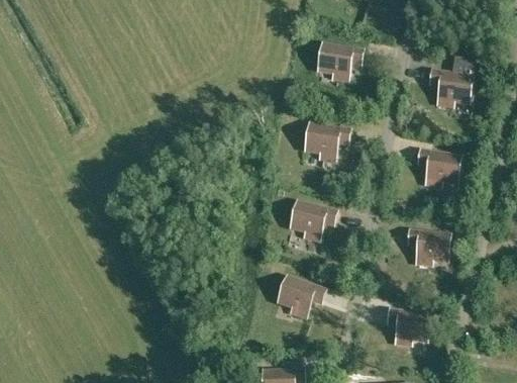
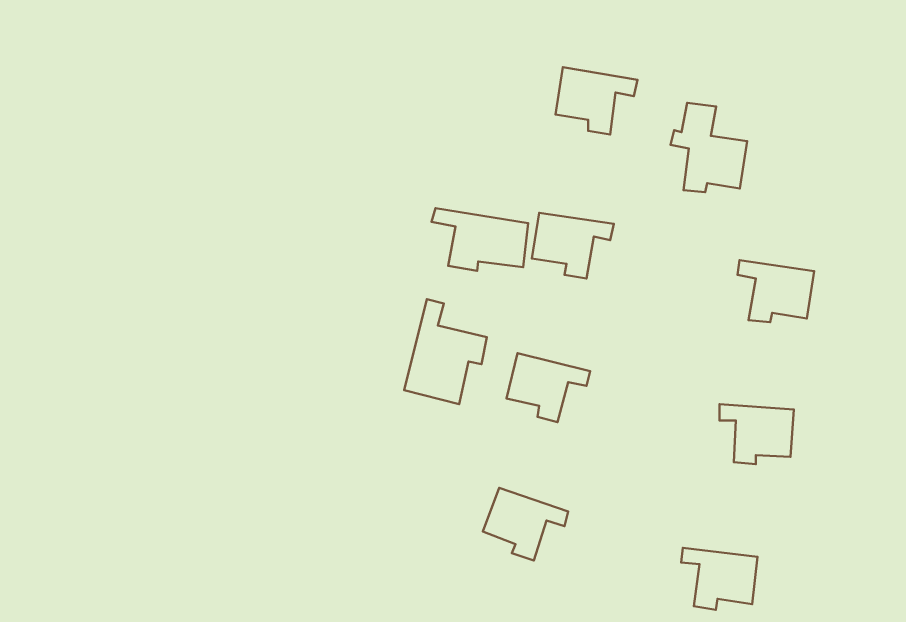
building: [429,56,472,105] -> [671,103,747,192]
building: none -> [431,208,528,271]
building: none -> [404,299,487,404]

